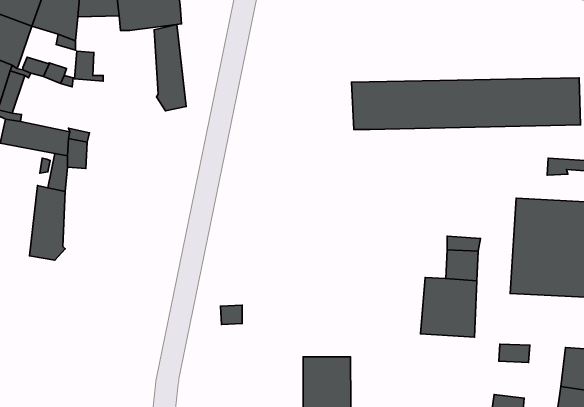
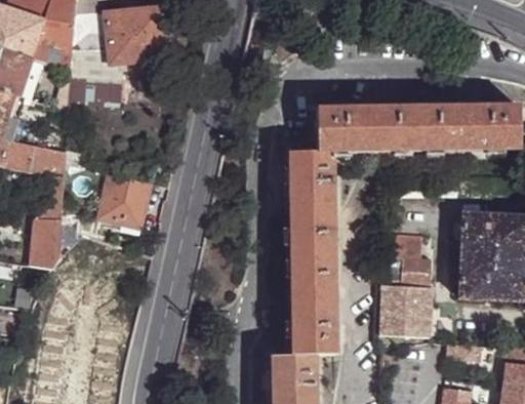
building: [154,24,186,111] -> none
building: none -> [289,151,335,354]
building: none -> [97,173,150,227]

